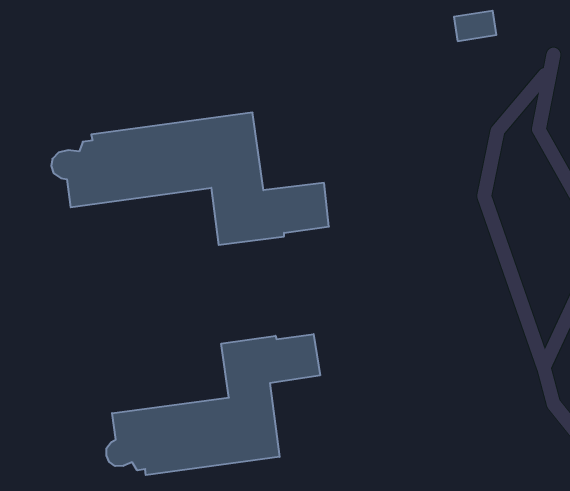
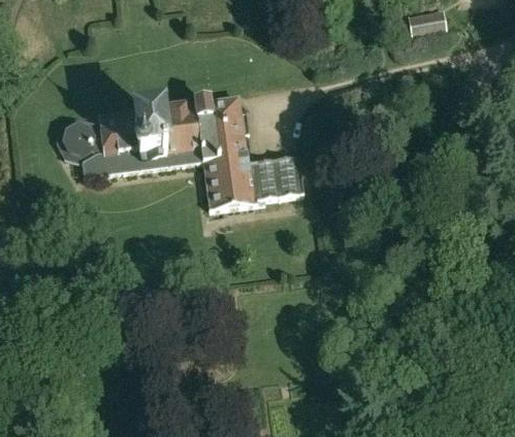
building: [106,334,320,475] -> none

